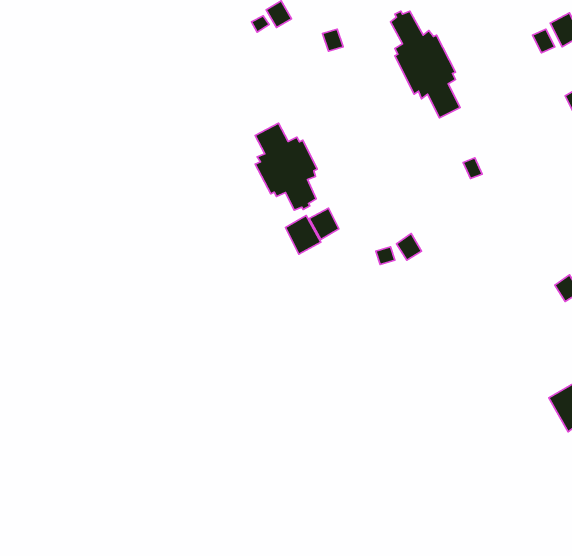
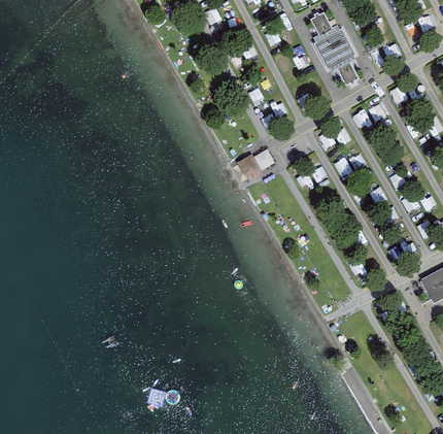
building: [255,123,317,210] -> none

